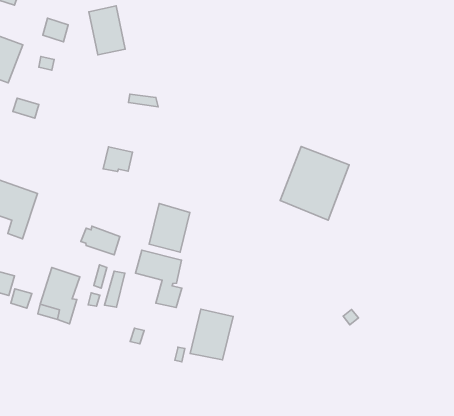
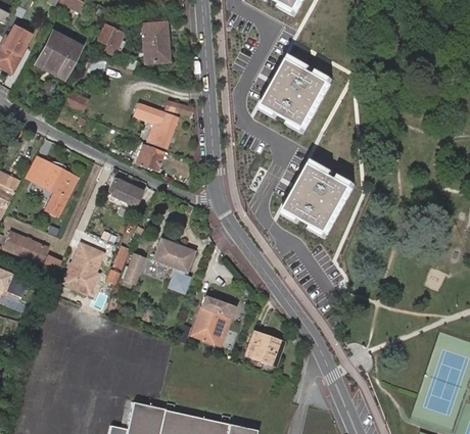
building: none -> [266,59,331,128]
building: none -> [136,103,177,146]
building: [149,204,190,252] -> none
building: [81,226,120,255] -> [107,178,142,205]
building: none -> [247,331,283,364]

